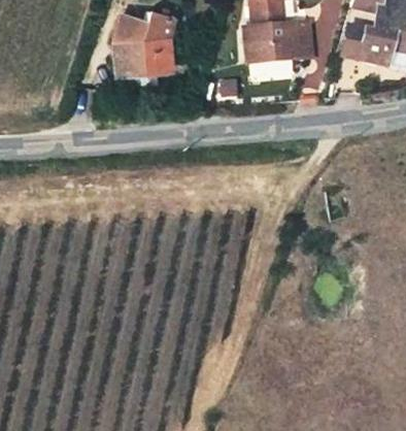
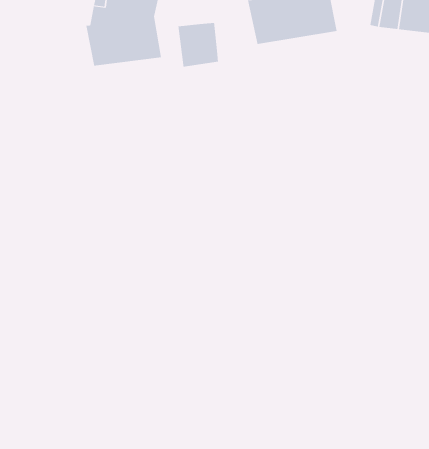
building: none -> [178,22,219,67]

